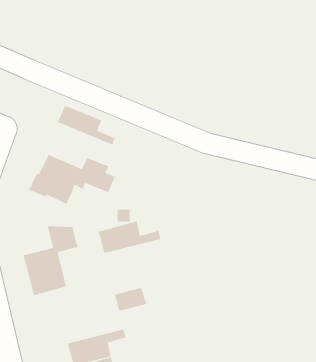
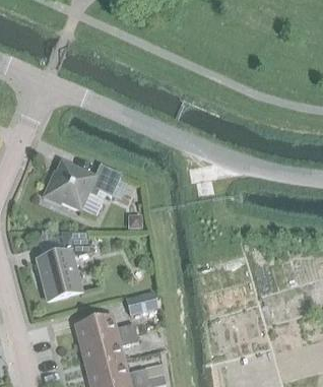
building: [57,105,116,145] -> none
building: [98,221,161,254] -> [73,313,135,345]

